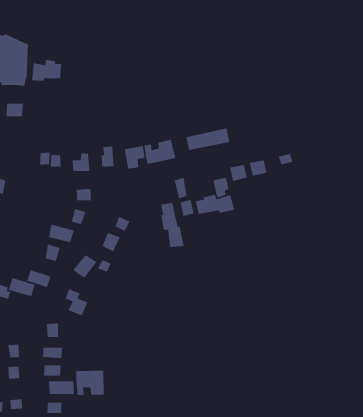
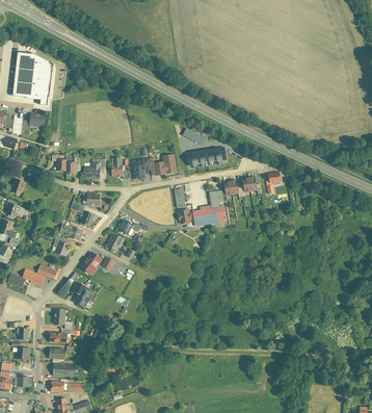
building: [31,59,62,82] -> none
building: [160,202,184,248] -> none
building: [75,370,104,396] -> none

